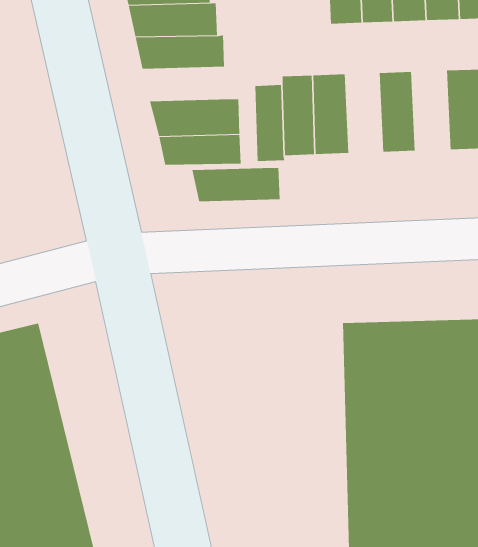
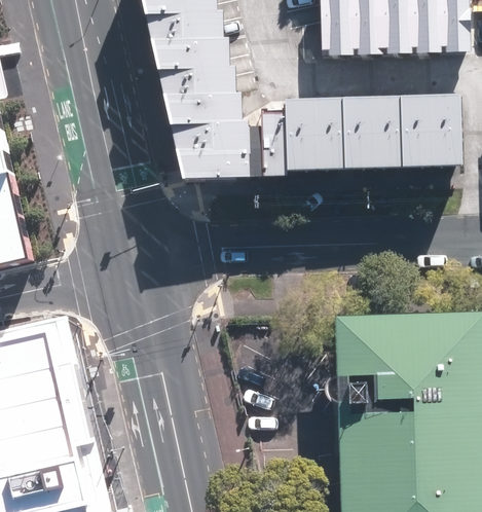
building: none -> [398,96,431,166]
building: none -> [340,98,372,168]
building: [192,168,280,202] -> [163,93,240,122]

